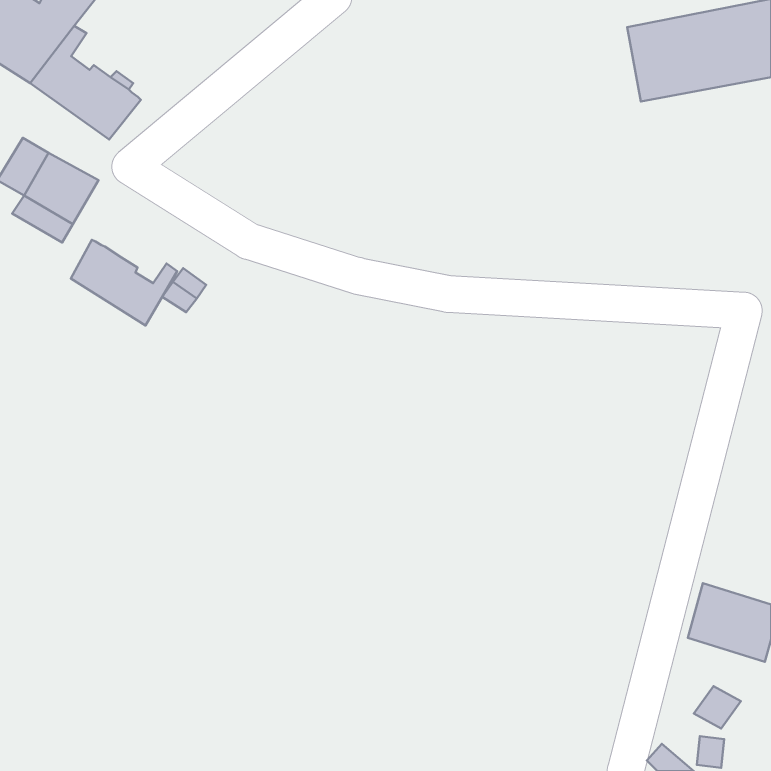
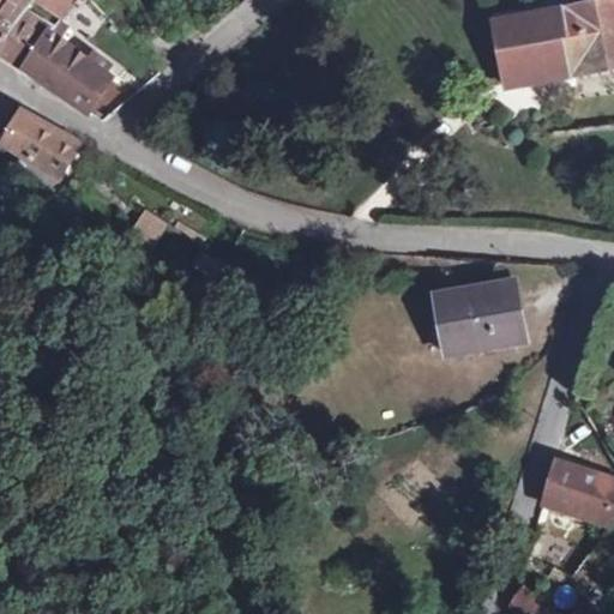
building: [71,240,177,325] -> none
building: none -> [438,283,524,355]

